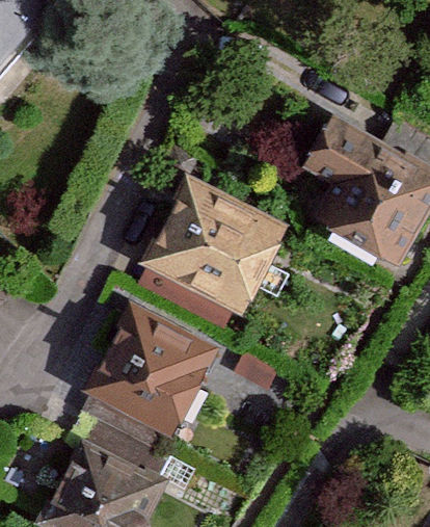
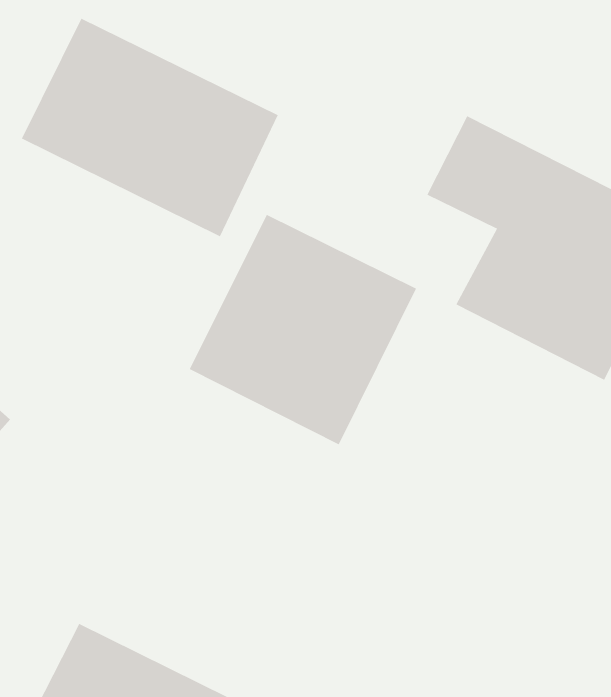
building: none -> [21,18,279,237]
building: [71,304,218,452] -> none

